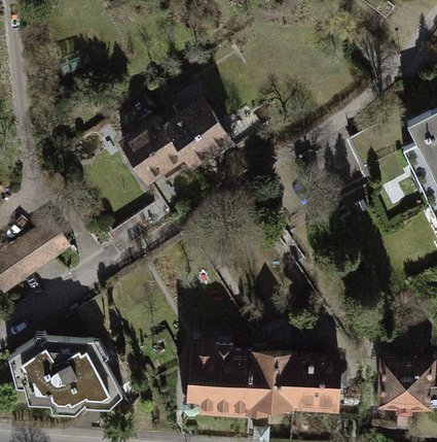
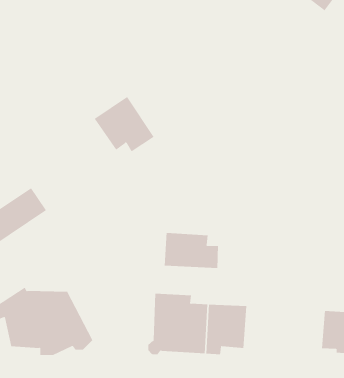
building: [158,100,231,163] -> none
building: none -> [164,232,219,269]
building: [291,355,344,406] -> none

